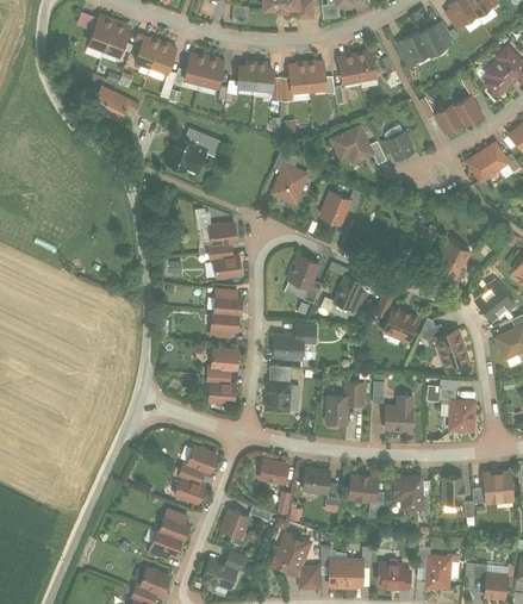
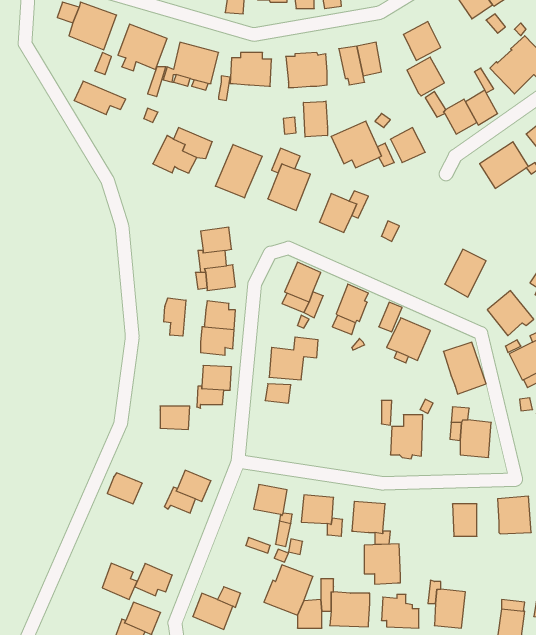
building: [419,21,454,57] -> [407,57,444,96]
building: none -> [304,101,327,137]
building: none -> [215,144,262,198]
building: none -> [164,298,186,336]
building: [263,380,293,412] -> none
building: [324,380,365,429] -> none
building: [208,384,236,405] -> [160,406,190,429]
building: [391,474,424,511] -> [364,544,400,584]
building: [173,477,205,505] -> [107,473,142,504]
building: [157,508,189,541] -> [102,563,137,599]
building: [219,508,248,538] -> none

